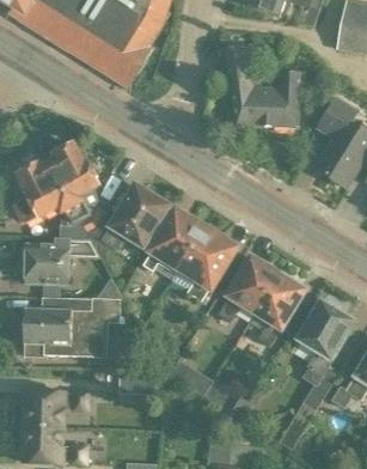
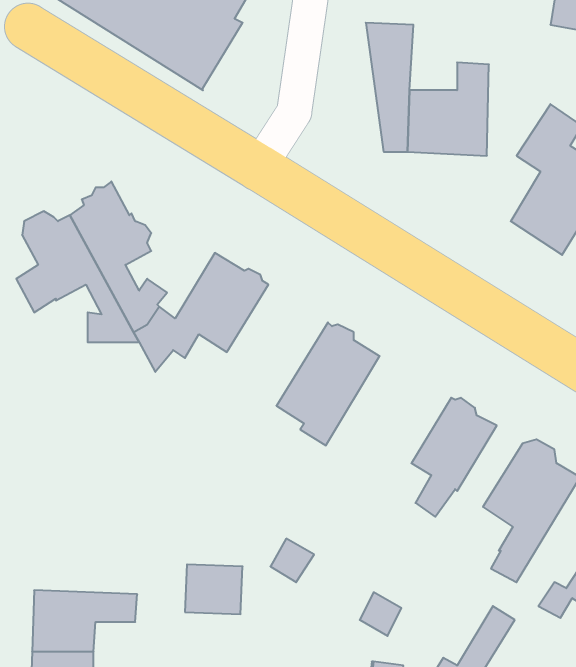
building: [143,211,203,278] -> none
building: [24,239,99,285] -> none
building: [216,257,277,321] -> none
building: [20,297,118,354] -> none

